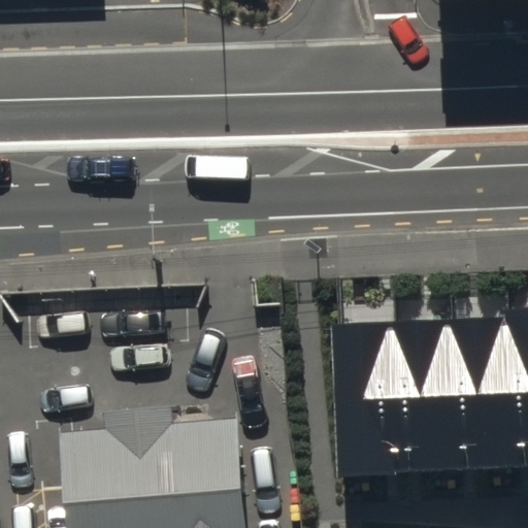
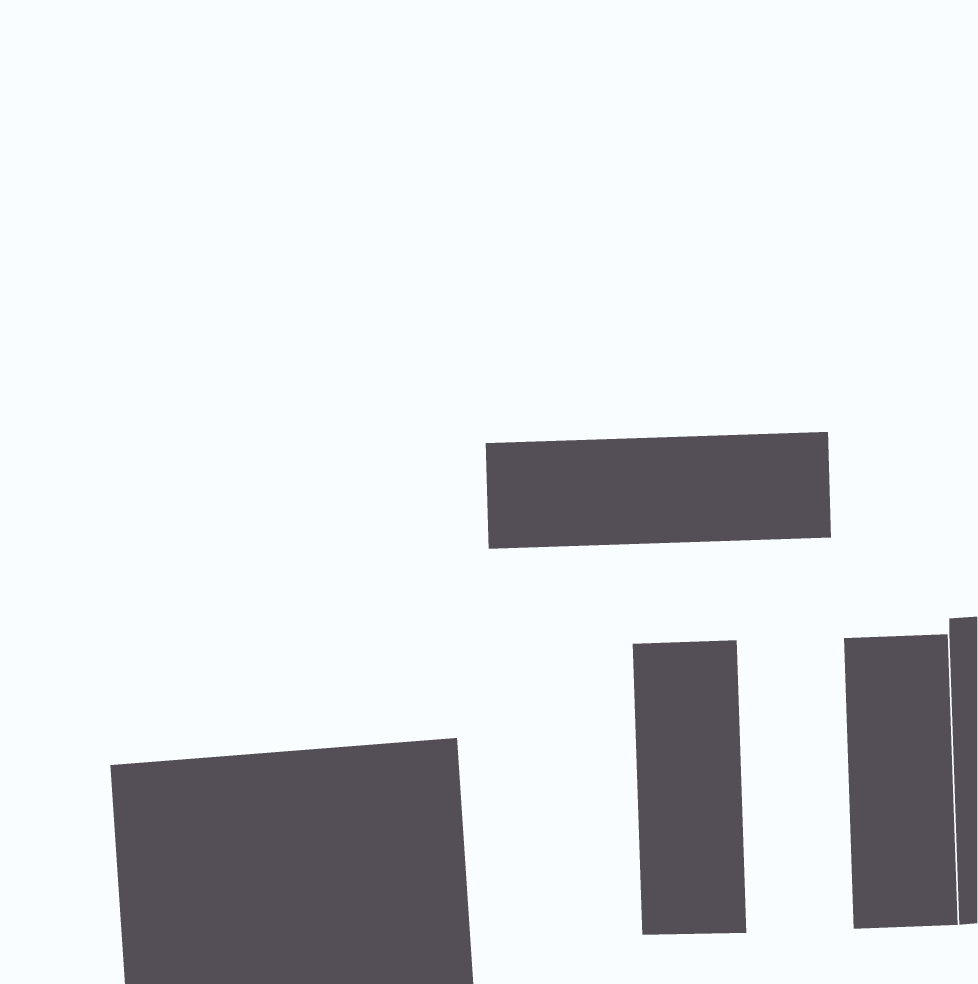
building: none -> [485,431,832,550]
building: [389,344,450,500] -> none

